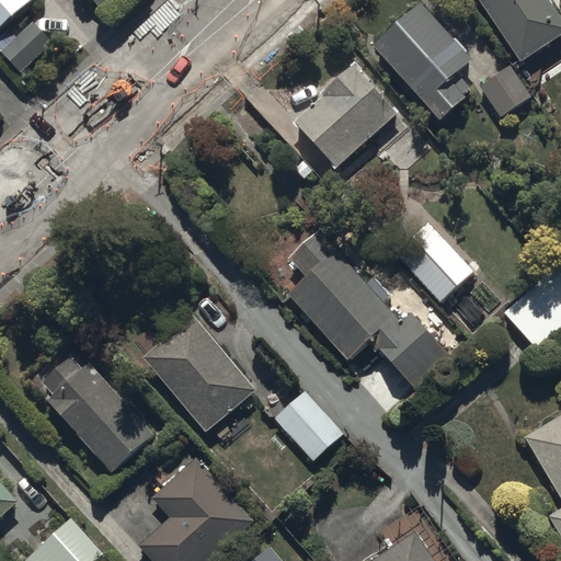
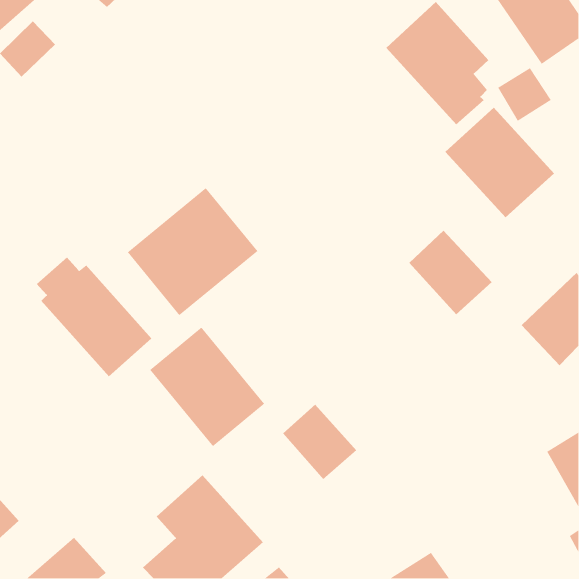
building: [293,61,397,168] -> none
building: none -> [445,107,555,218]
building: none -> [127,187,258,316]
building: [286,229,450,389] -> none
building: [42,355,153,471] -> [36,257,152,377]

